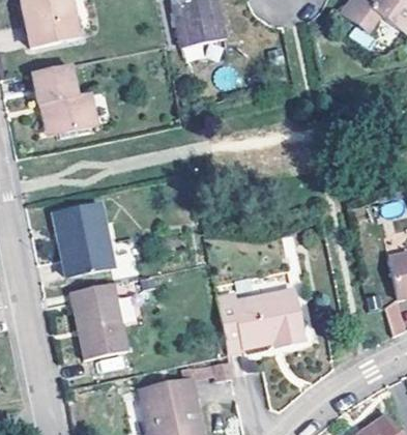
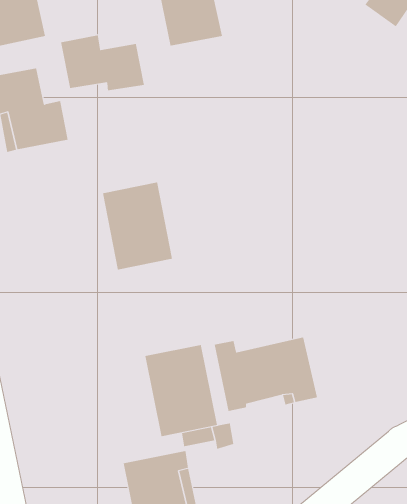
building: none -> [61,34,145,91]
building: [55,202,113,274] -> [102,182,173,270]
building: [69,281,129,356] -> [144,344,218,437]

